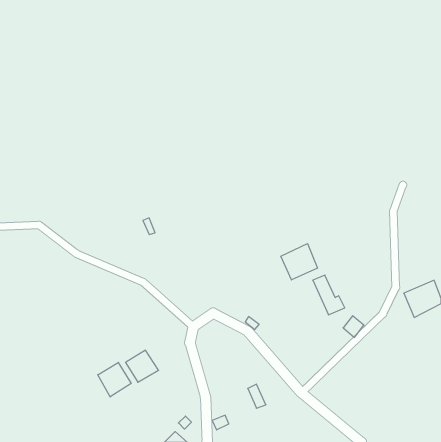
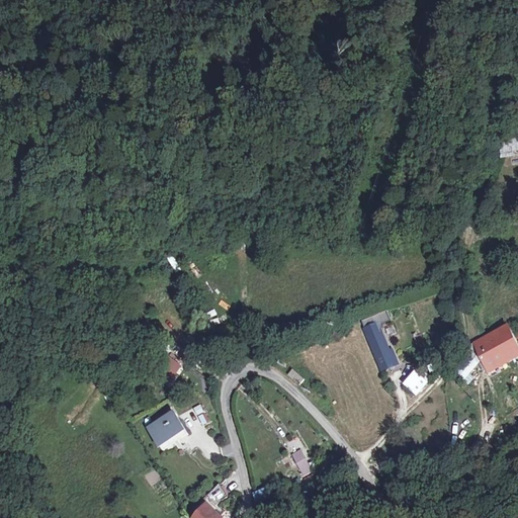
building: [281,244,317,280] -> none
building: [98,362,131,397] -> none

